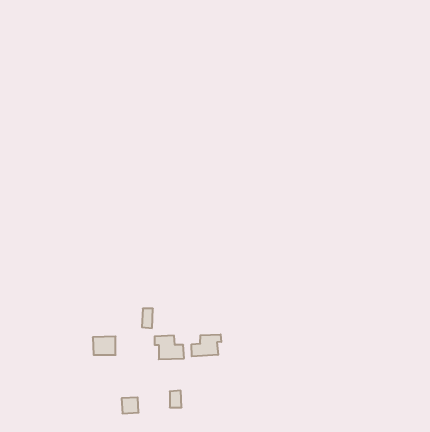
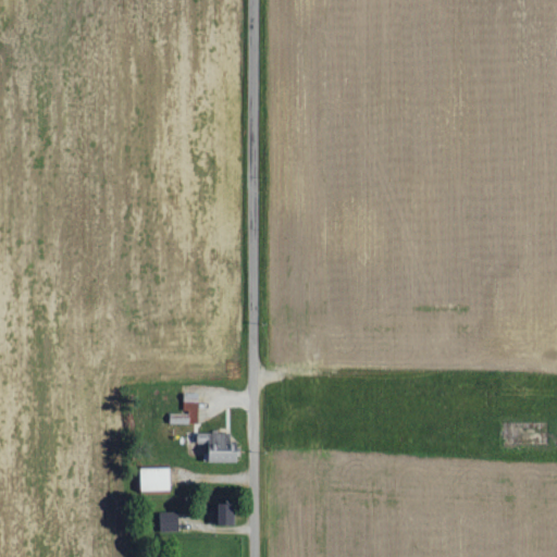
building: [192,334,221,356] -> none
building: [93,336,116,355] -> [140,467,170,491]

